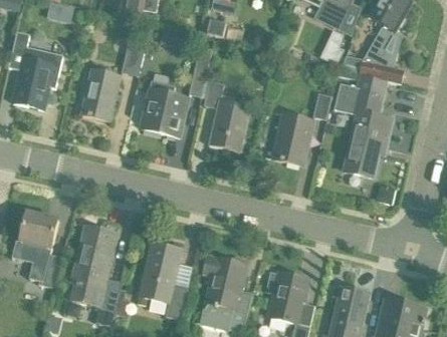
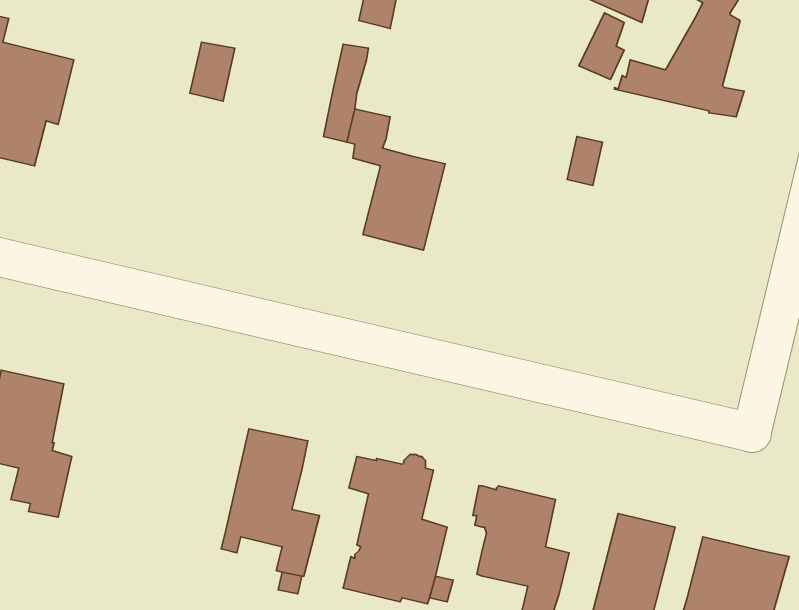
building: [79,67,120,119] -> none
building: [333,68,393,176] -> none
building: [140,80,188,135] -> none
building: [272,111,313,165] -> none
building: [70,225,121,316] -> none

